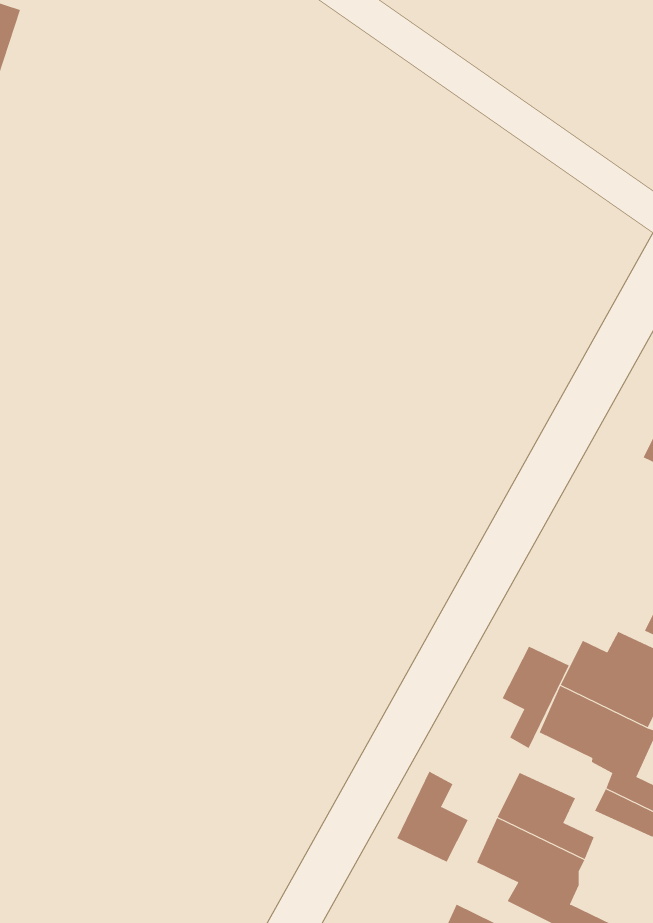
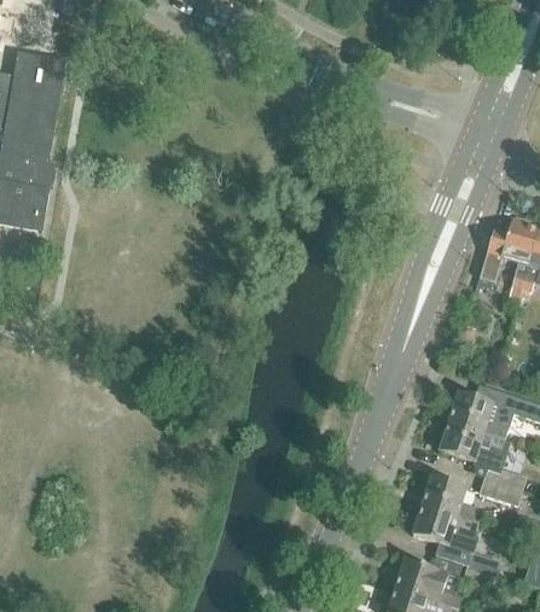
building: [502,646,570,749] -> none
building: [396,771,469,862] -> none

